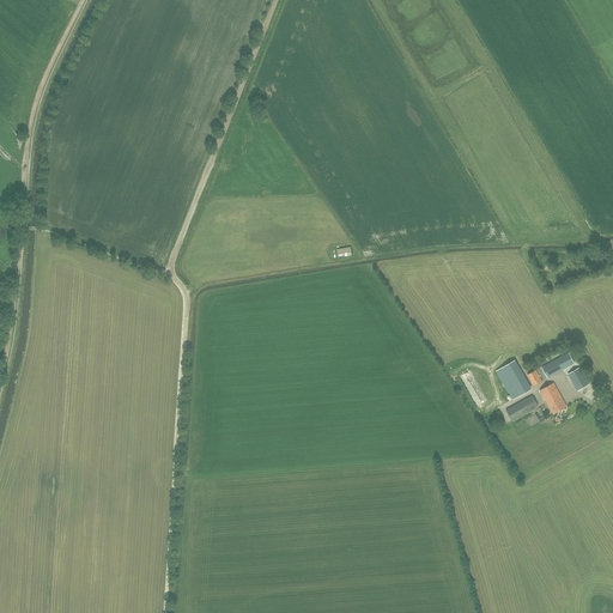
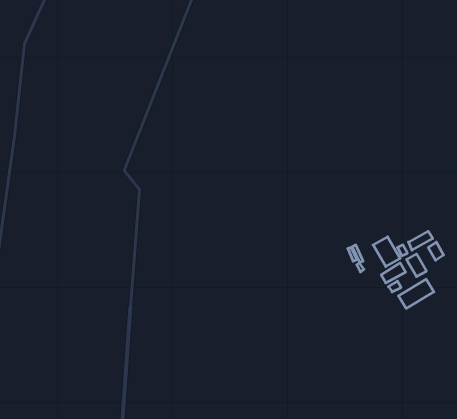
building: none -> [398,279,434,308]

